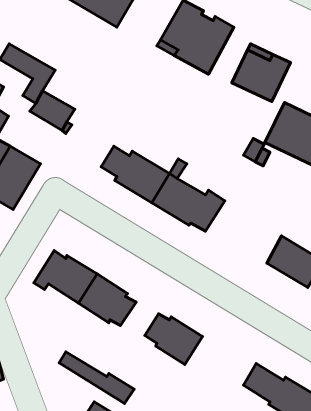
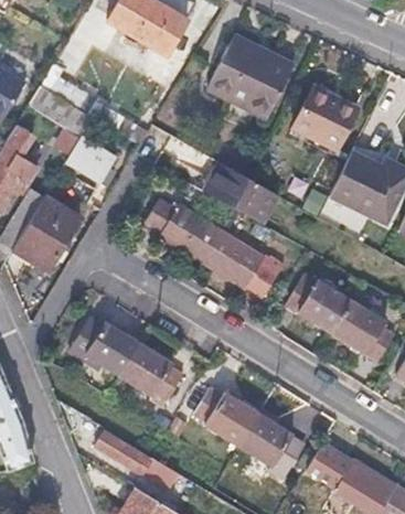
building: none -> [205,160,278,221]
building: none -> [285,272,349,331]
building: none -> [239,414,302,471]

